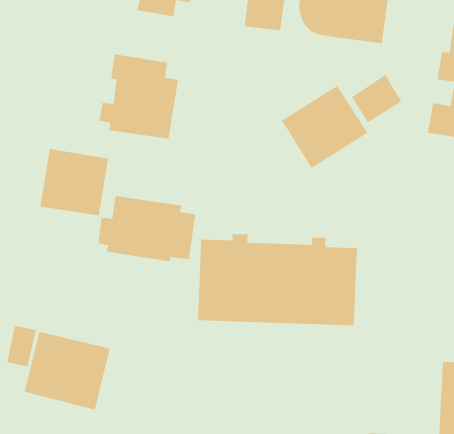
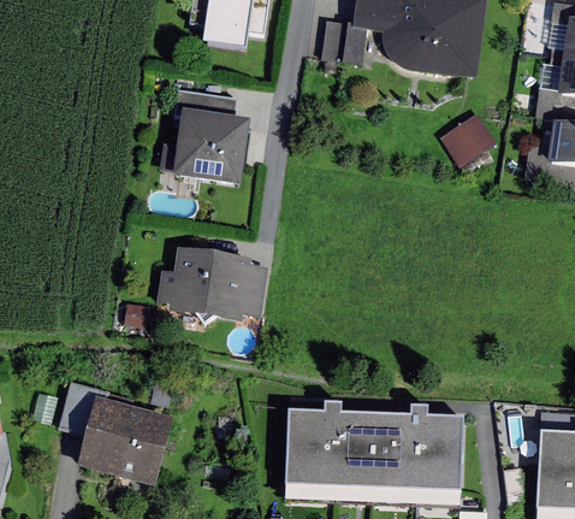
building: [281,85,368,169] -> none
building: [40,148,108,216] -> none
building: [197,234,358,326] -> [285,401,463,503]

